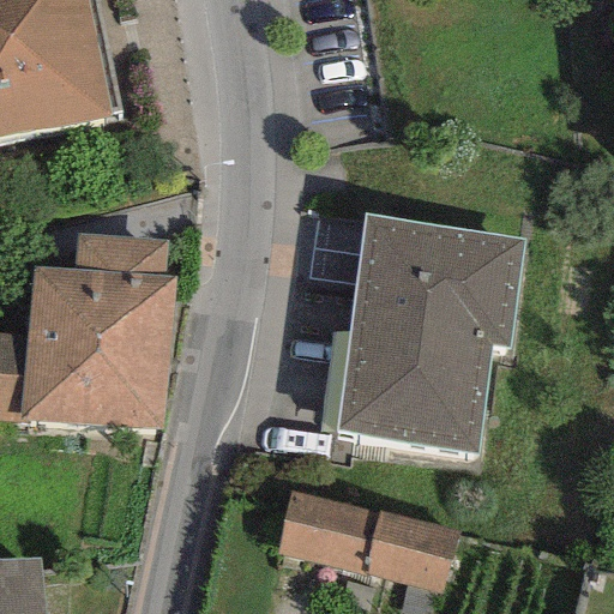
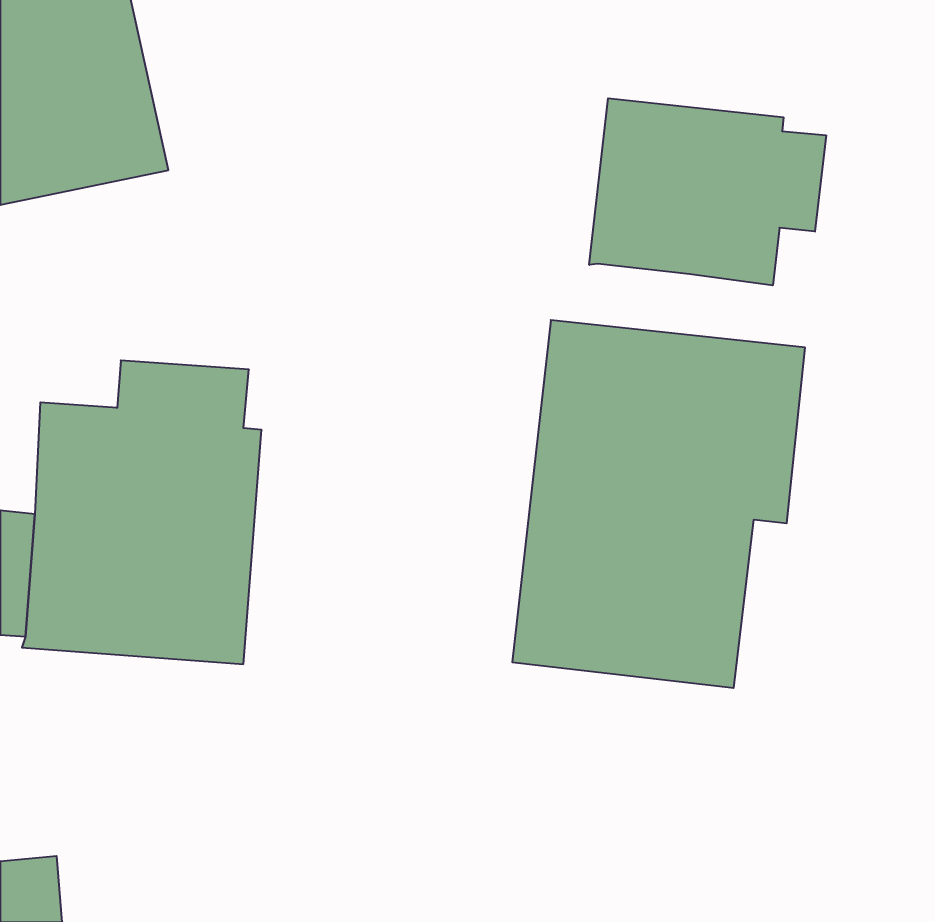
building: none -> [589,98,826,285]
building: [279,496,460,592] -> none

